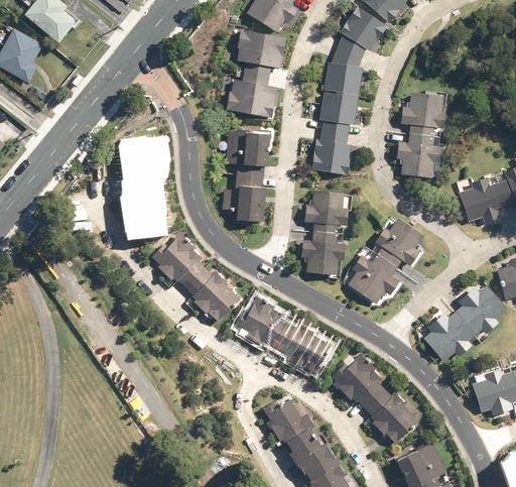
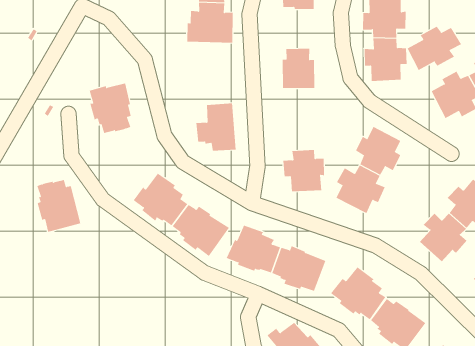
building: [321,93,357,133] -> none
building: none -> [407,26,462,71]
building: [225,131,269,175] -> none
building: [124,186,164,235] -> [36,180,81,233]
building: [305,190,348,233] -> none

